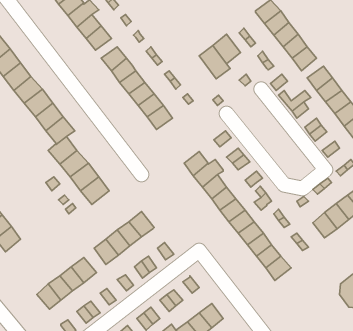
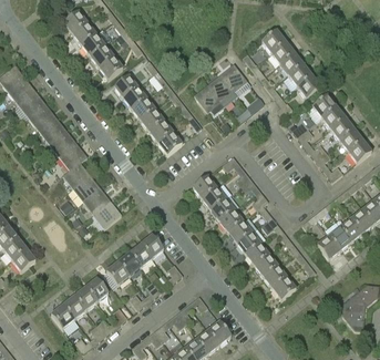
building: none -> [194,84,224,114]

